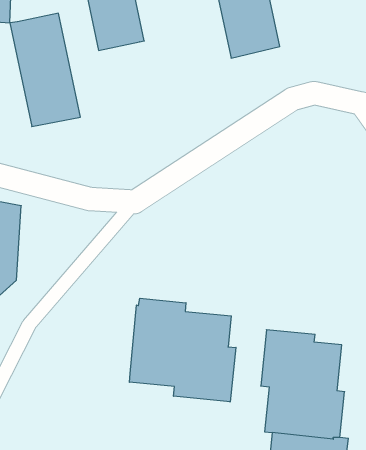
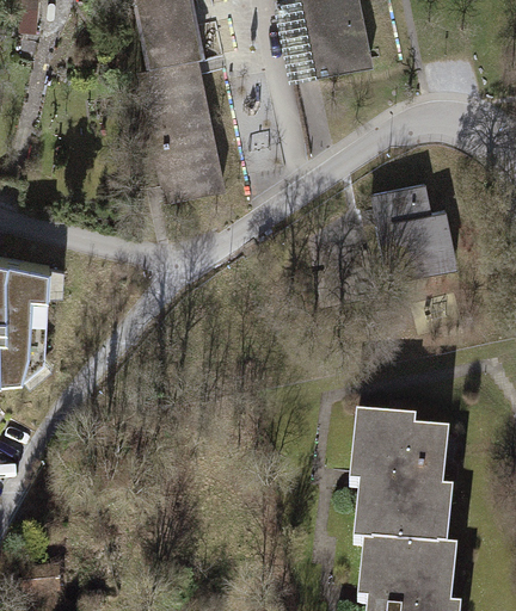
building: [10,13,80,127] -> [136,57,225,199]
building: none -> [369,180,457,277]
building: [129,298,236,402] -> none

